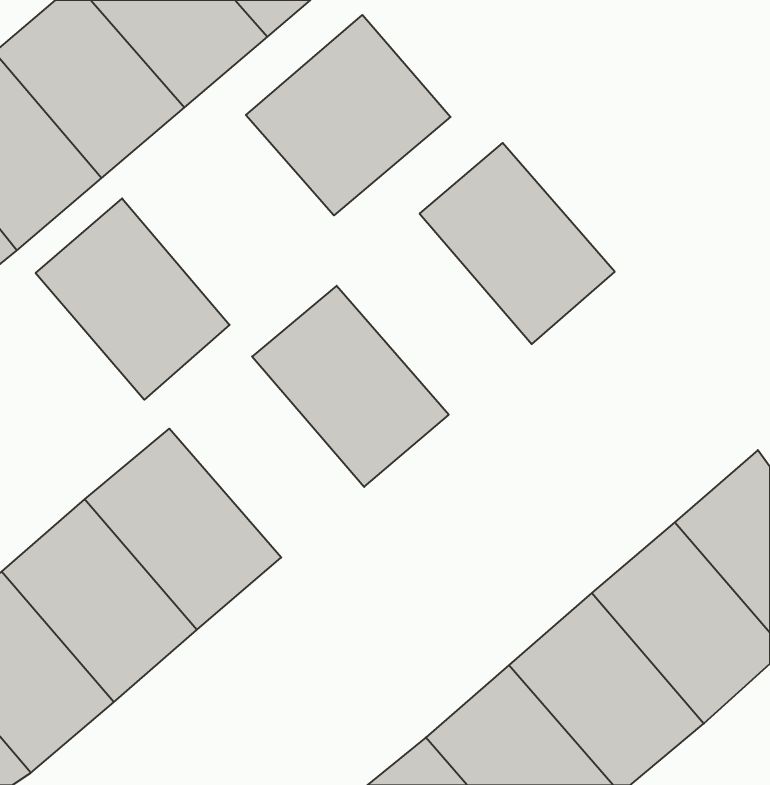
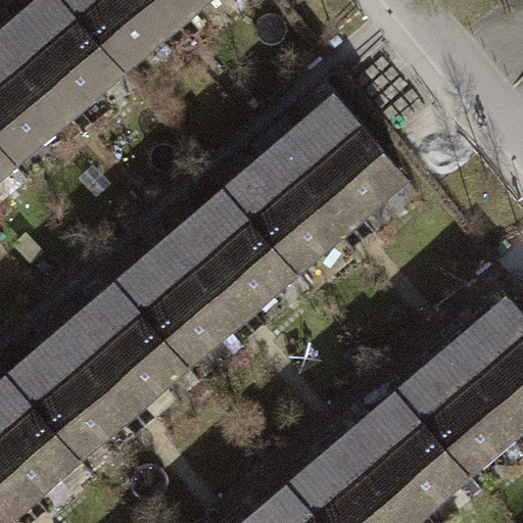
building: [246,15,451,215] -> none
building: [36,198,230,400] -> none
building: none -> [224,142,353,276]
building: none -> [112,237,242,371]

